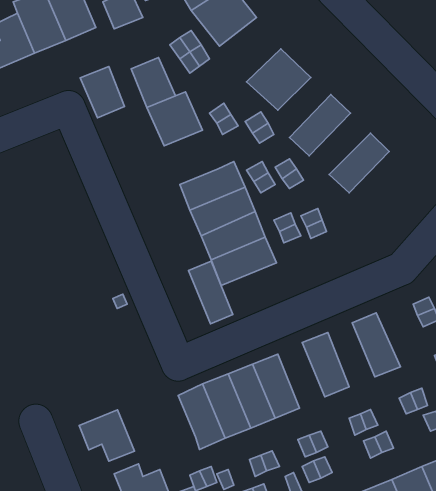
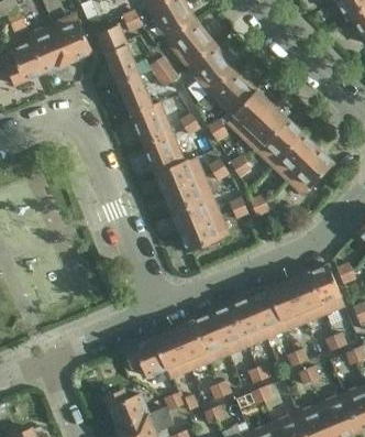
building: none -> [186,45,233,95]
building: [80,66,124,118] -> [104,45,139,85]
building: none -> [225,90,272,138]
building: none -> [255,119,302,166]
building: none -> [143,132,185,174]
building: none -> [286,149,332,196]
building: [189,261,233,324] -> none
building: none -> [307,264,344,315]
building: none -> [269,281,306,330]
building: none -> [231,296,267,347]
building: [79,410,135,461] -> [124,337,167,376]

